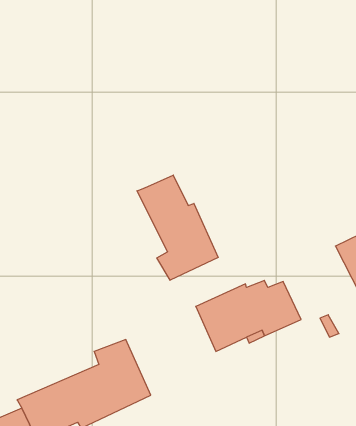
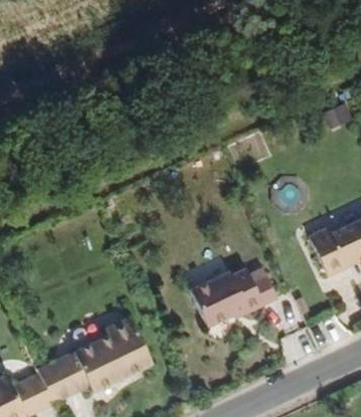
building: [137,175,218,280] -> none

